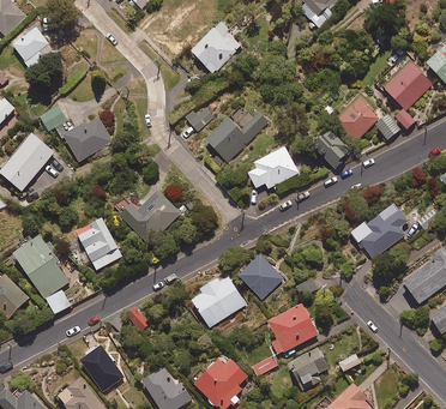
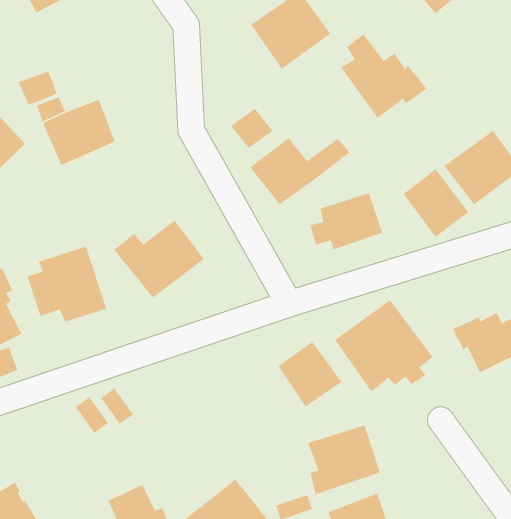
building: none -> [340,33,428,119]
building: none -> [334,299,433,392]
building: [191,271,245,325] -> none
building: [79,343,122,391] -> none

